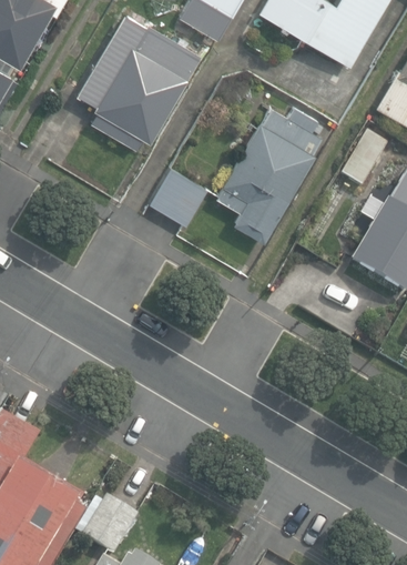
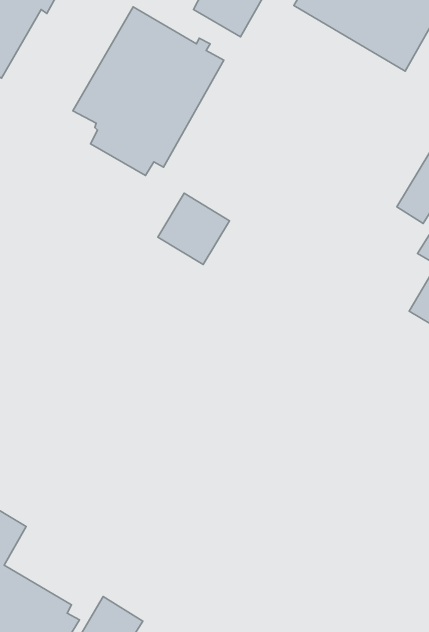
building: [214,104,322,239] -> none

